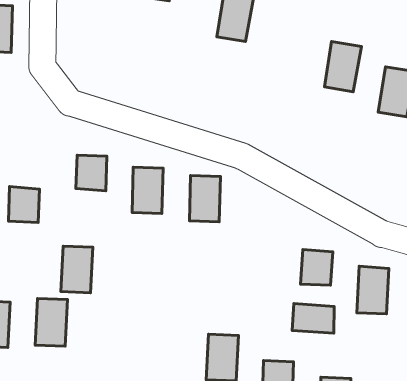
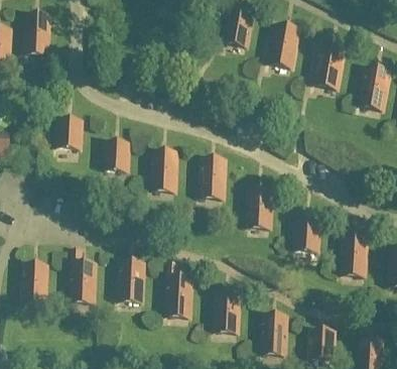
building: none -> [268,24,299,67]
building: [8,187,39,222] -> [56,118,83,148]
building: none -> [246,188,273,228]
building: [61,246,93,293] -> [118,262,145,301]
building: [292,304,334,333] -> none
building: none -> [165,276,192,317]

